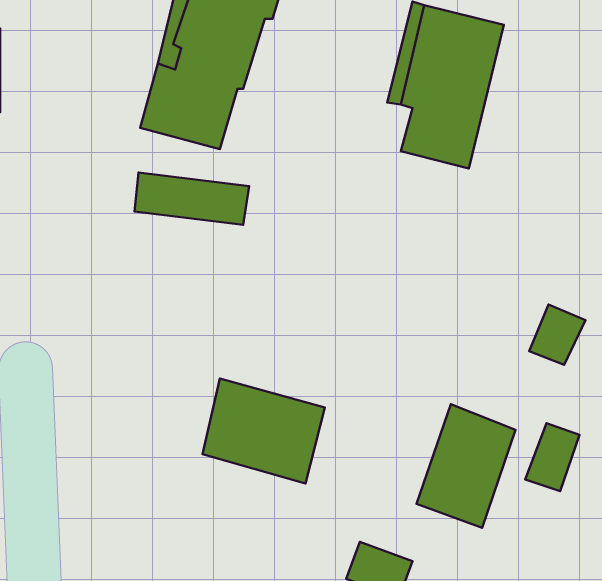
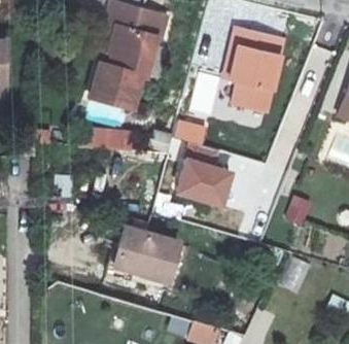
building: none -> [173,115,230,203]
building: [417,404,515,528] -> none

